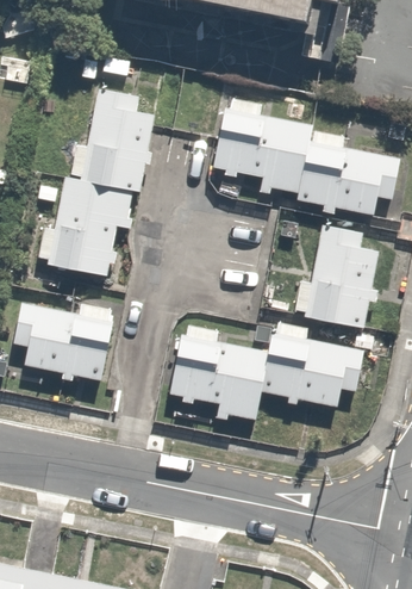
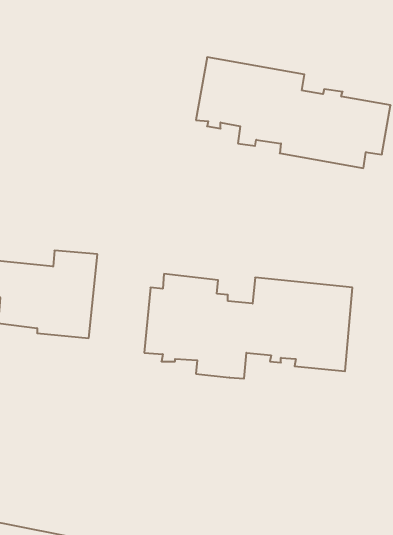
building: [32,93,156,280] -> none
building: [288,218,376,328] -> none

